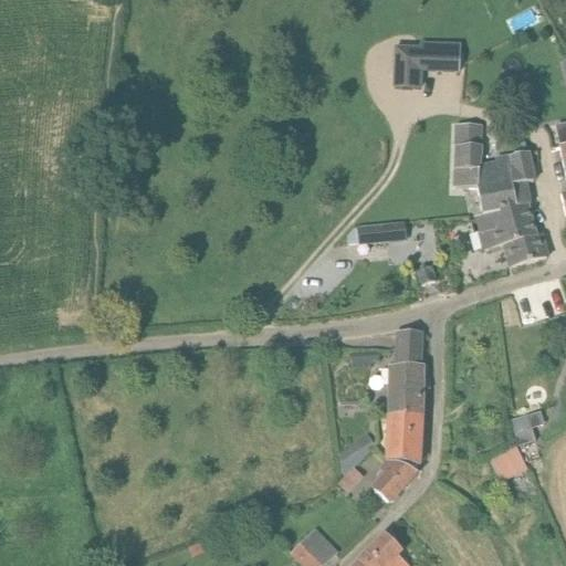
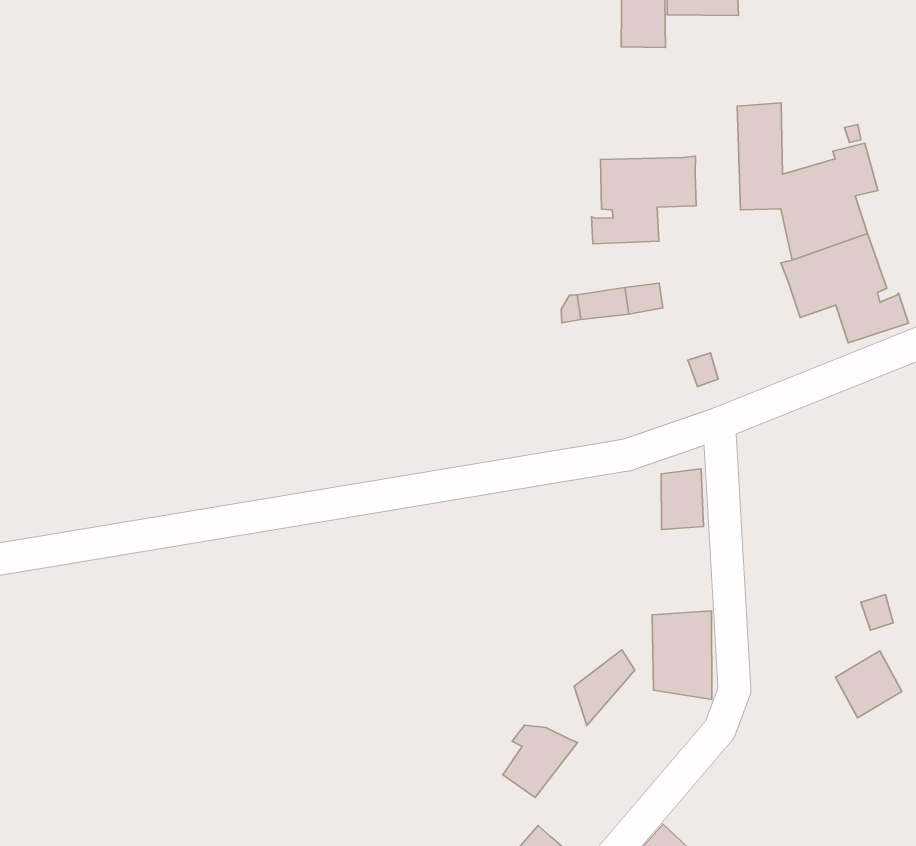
building: none -> [592,156,696,244]
building: [388,363,422,412] -> none
building: [373,459,417,501] -> [503,725,578,797]

